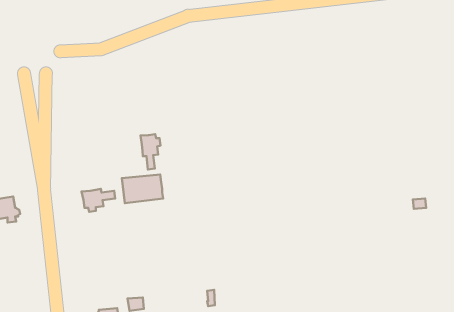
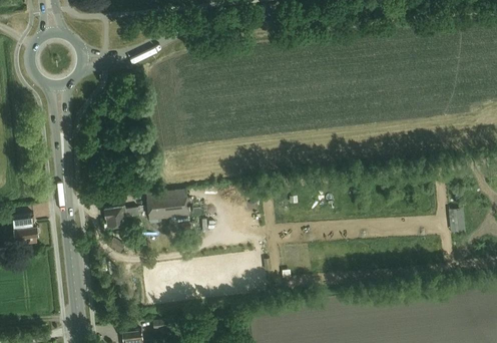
building: [141,134,160,170] -> none

